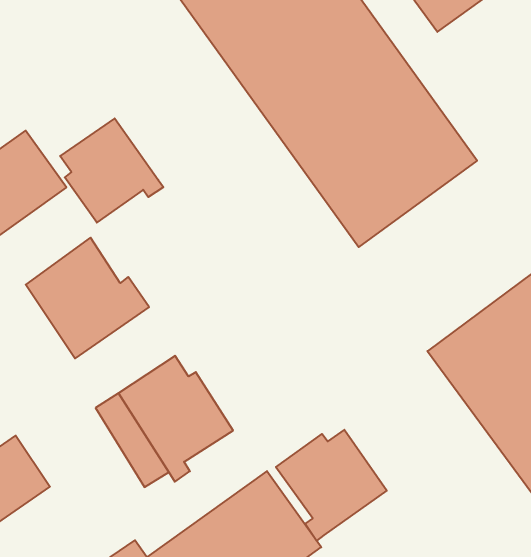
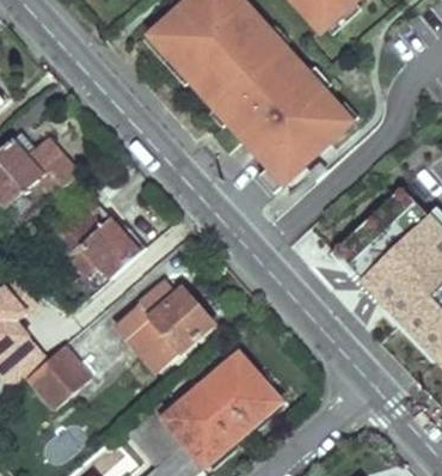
building: [60,118,163,223] -> none
building: [276,430,387,541] -> none

